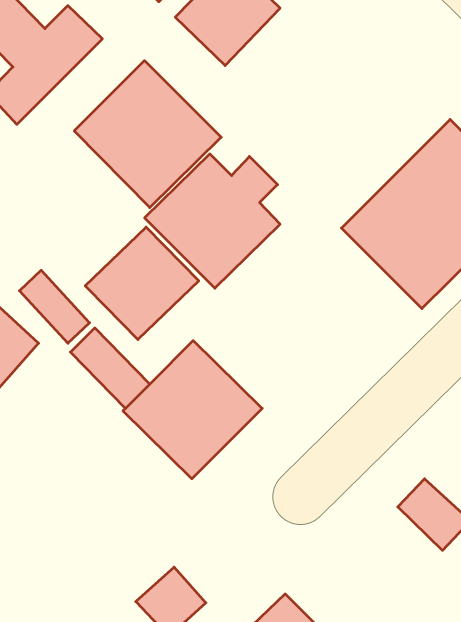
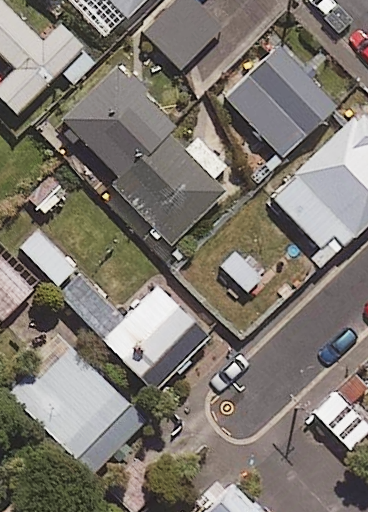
building: none -> [229,49,337,158]
building: [85,227,199,340] -> none
building: none -> [17,346,146,476]

